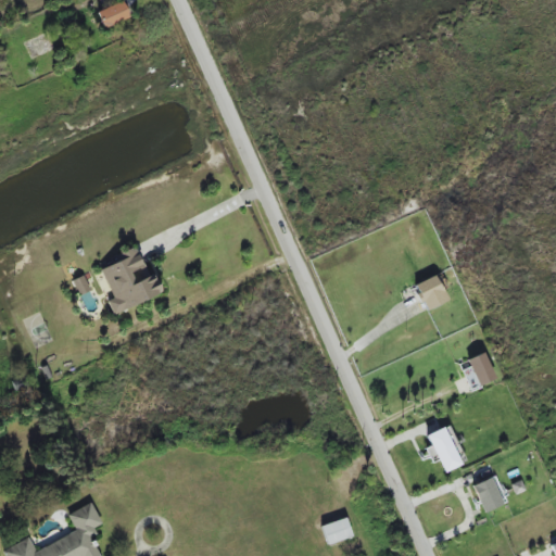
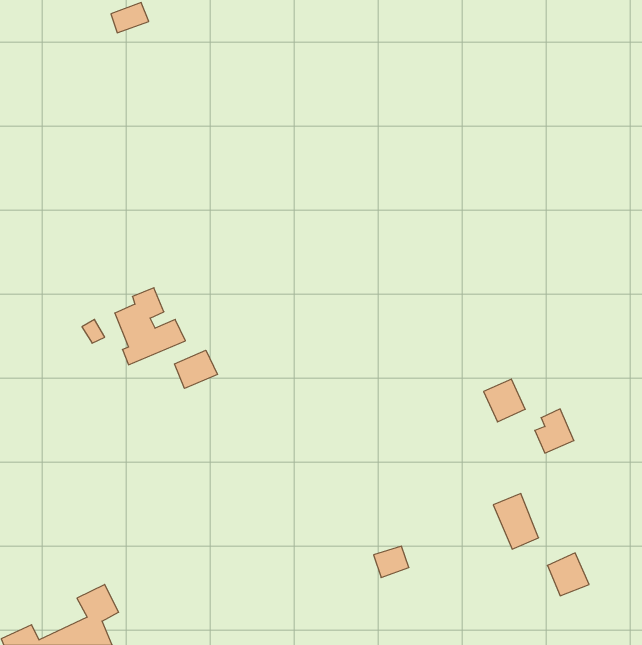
building: [415,275,451,312] -> [484,379,525,422]
building: none -> [175,350,217,388]
building: [323,518,353,545] -> [374,546,409,578]

